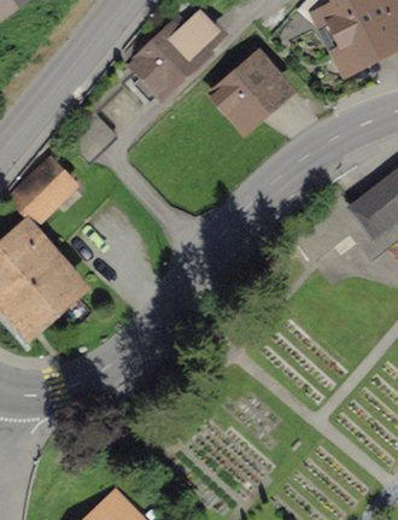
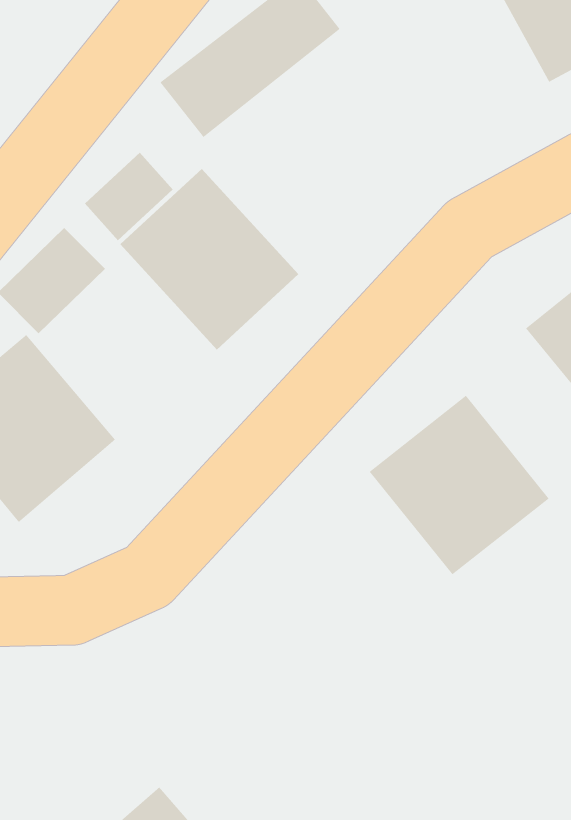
building: [207,46,293,130] -> none
building: none -> [119,168,299,351]
building: none -> [369,395,550,575]

